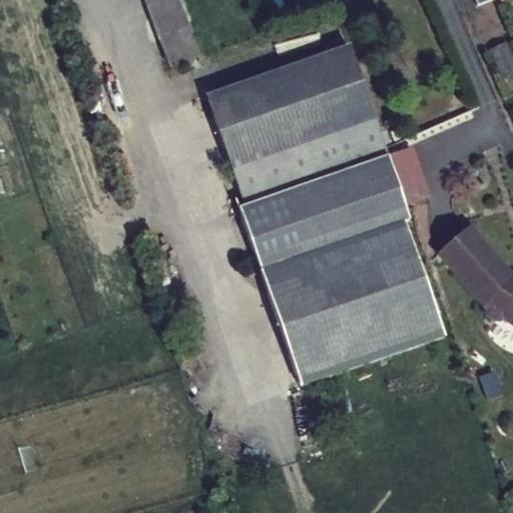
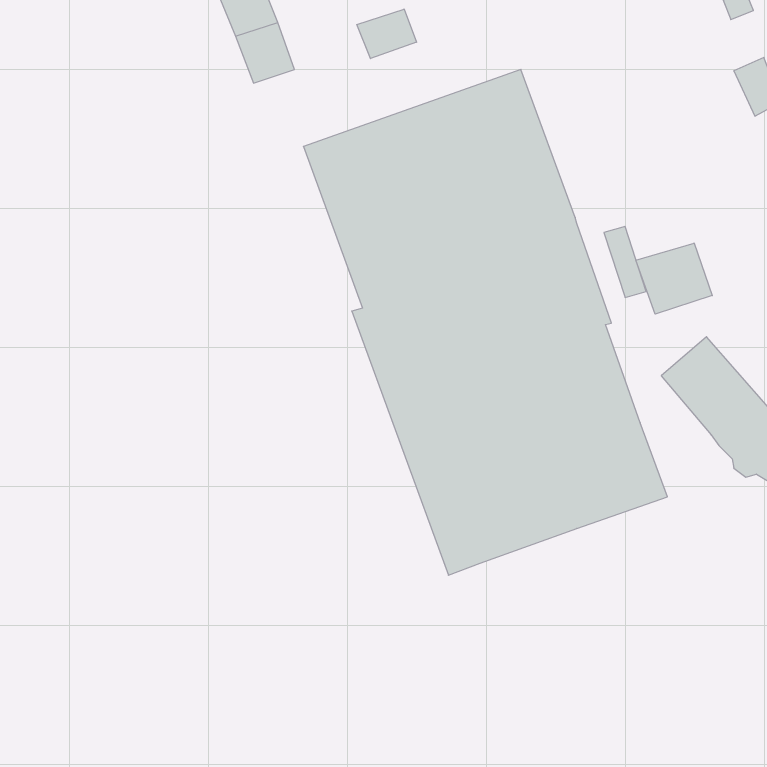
building: none -> [357,9,417,59]
building: none -> [636,243,712,314]

